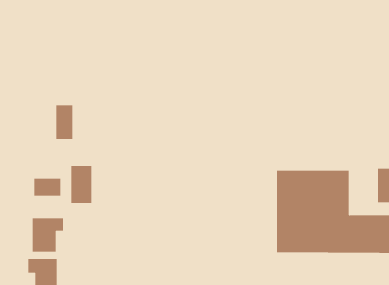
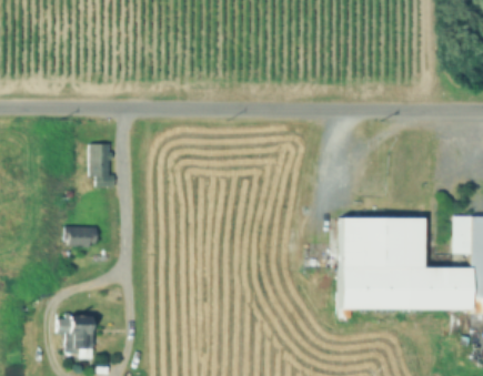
building: [71,165,92,204] -> none
building: [32,218,64,252] -> none

